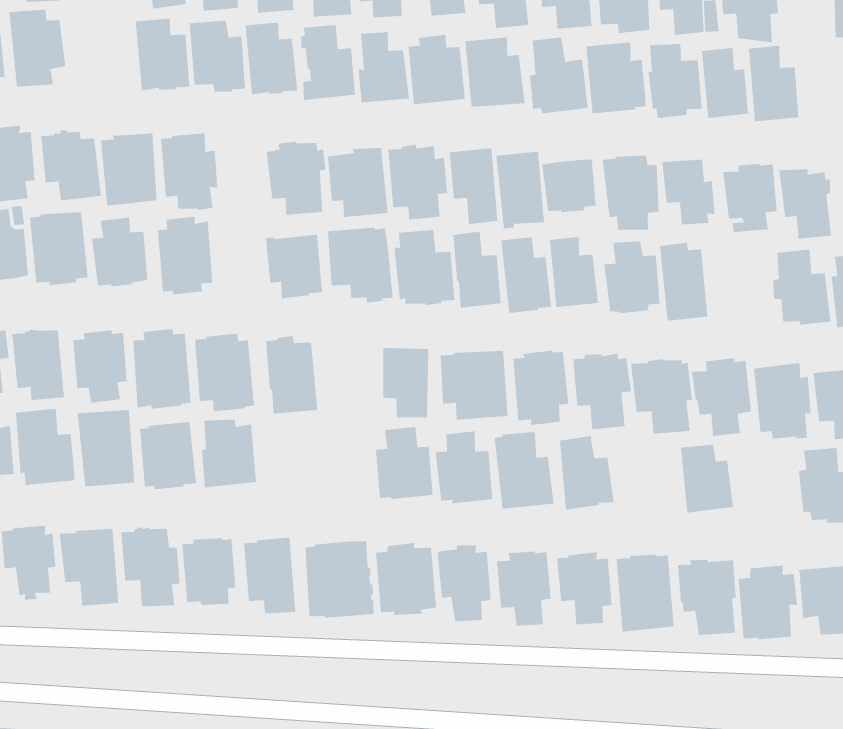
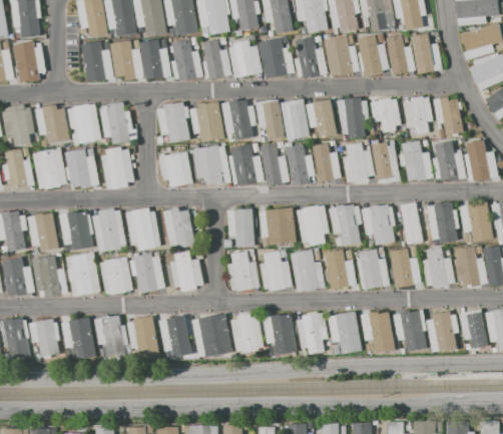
building: none -> [399,140,433,181]
building: none -> [169,251,202,292]
building: none -> [356,249,389,290]
building: none -> [421,248,455,287]

